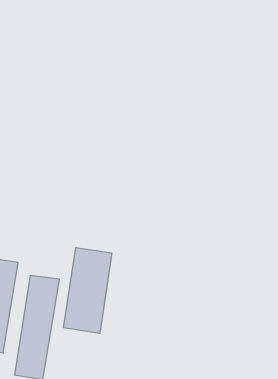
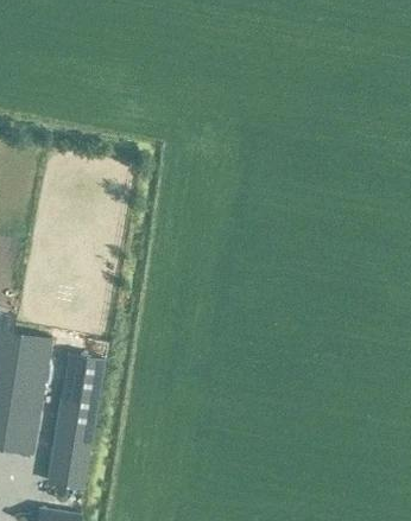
building: [64,247,112,333] -> none

